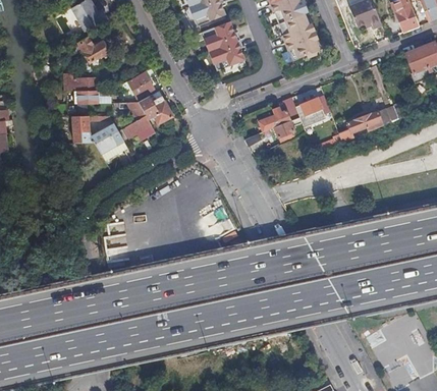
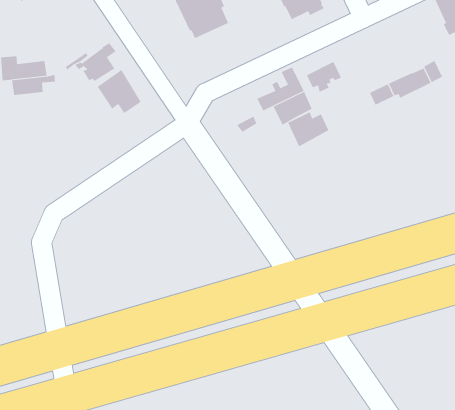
building: [77,39,111,69] -> none
building: [113,102,154,139] -> none
building: [71,115,122,153] -> none
building: none -> [288,112,329,147]

